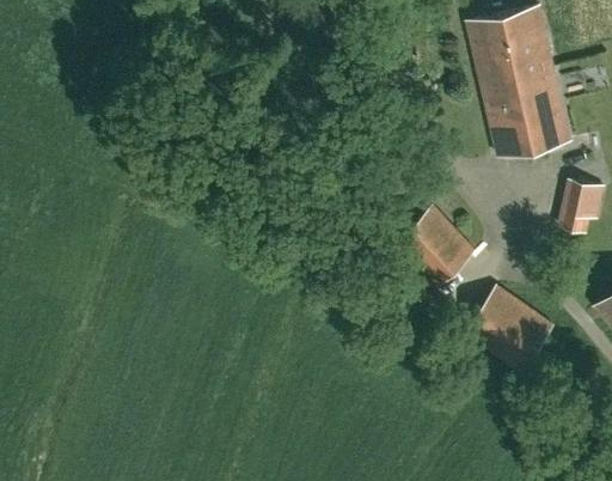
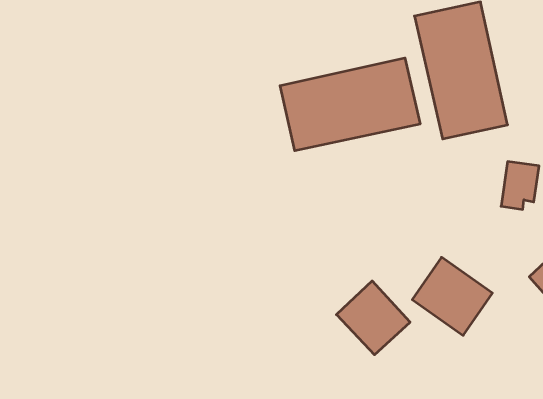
building: none -> [280,58,420,151]
building: [393,205,475,286] -> [336,281,410,355]

